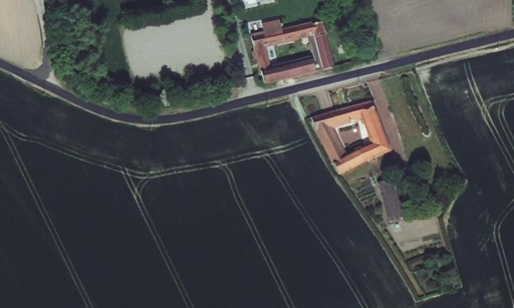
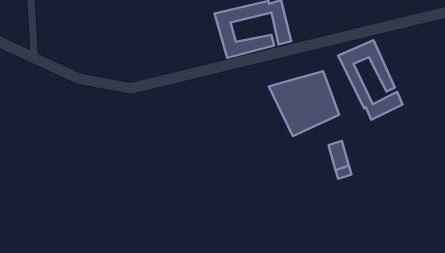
building: none -> [338,40,403,120]

